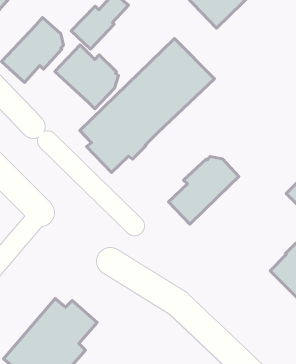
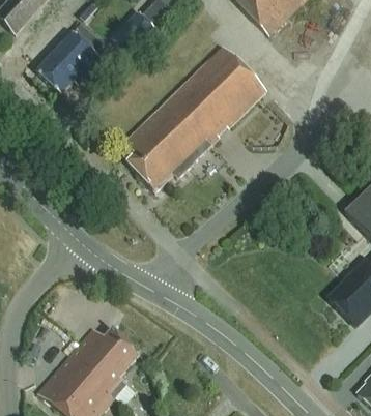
building: [55,45,118,109] -> none
building: [168,157,239,224] -> none

